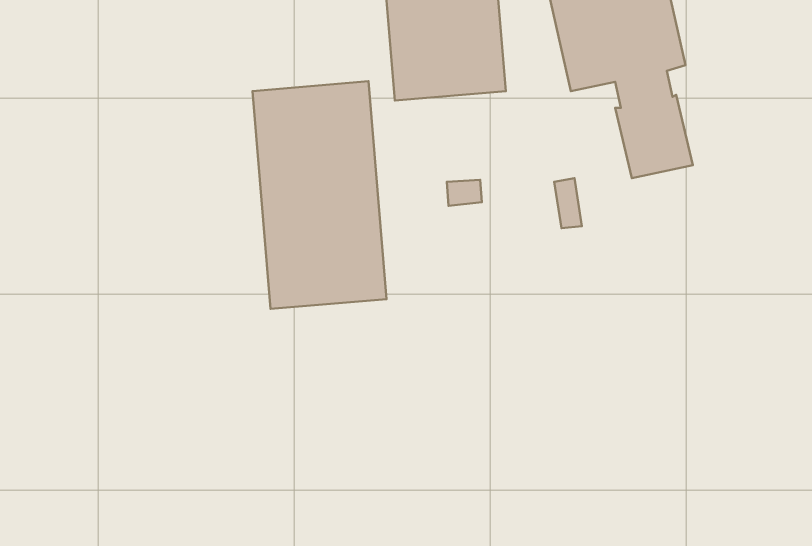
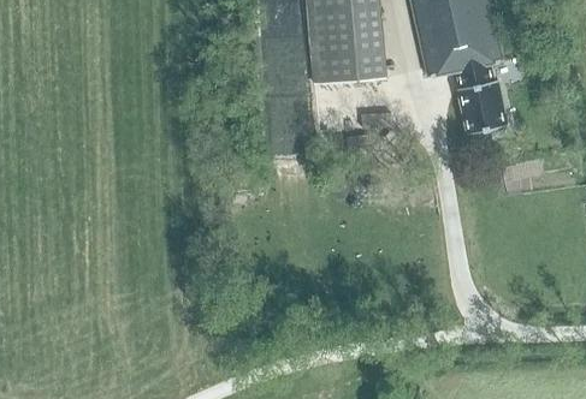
building: [252,81,387,309] -> none

